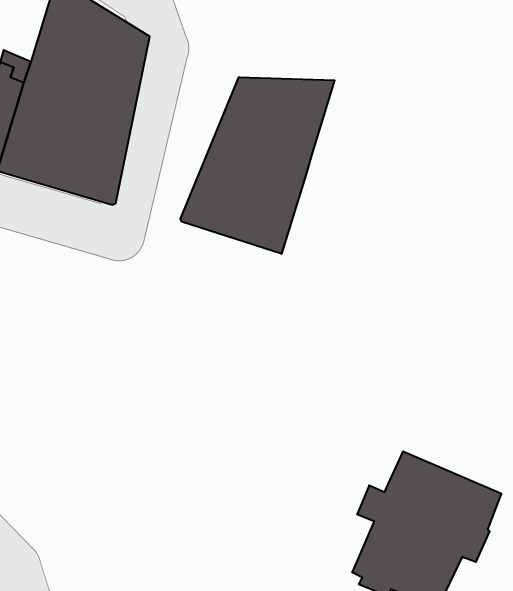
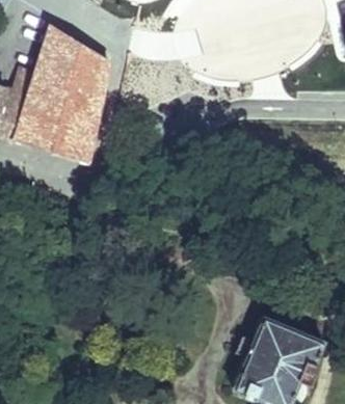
building: [180,77,335,254] -> none

